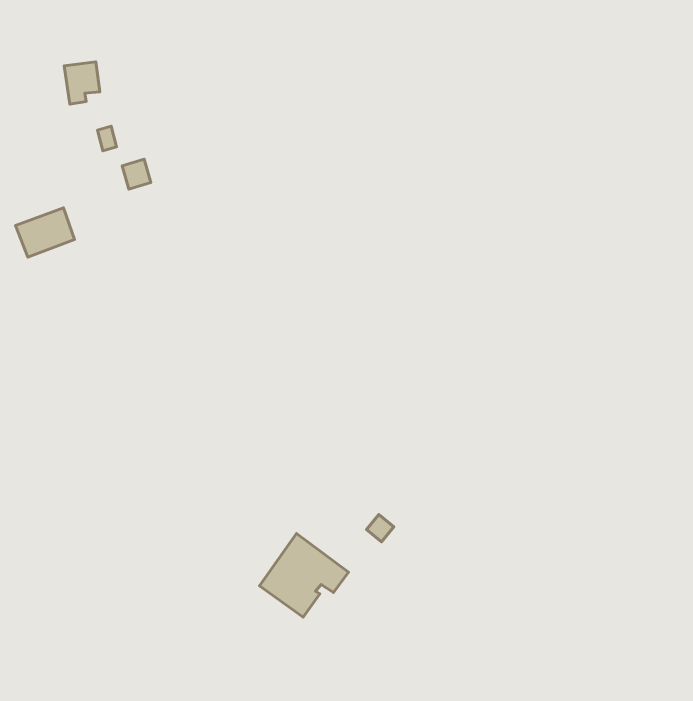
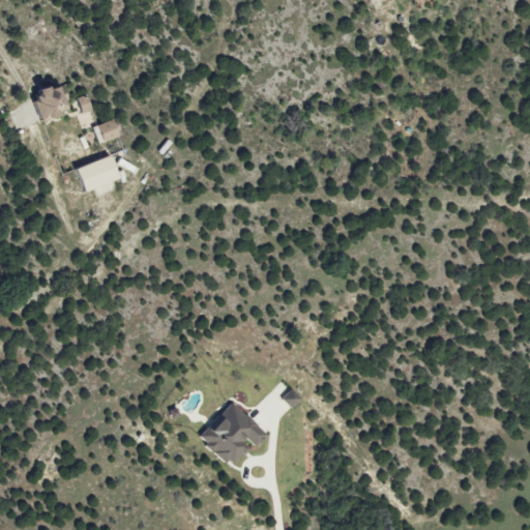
building: [64,62,100,104] -> [40,85,67,117]
building: [16,208,75,257] -> [75,155,119,193]

